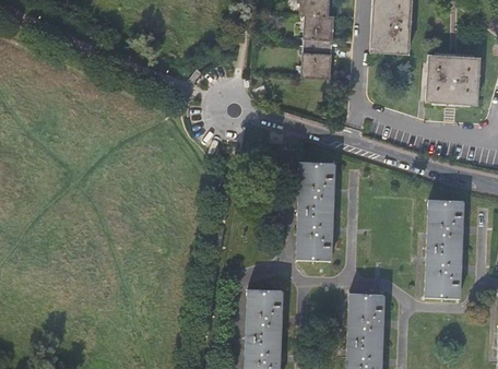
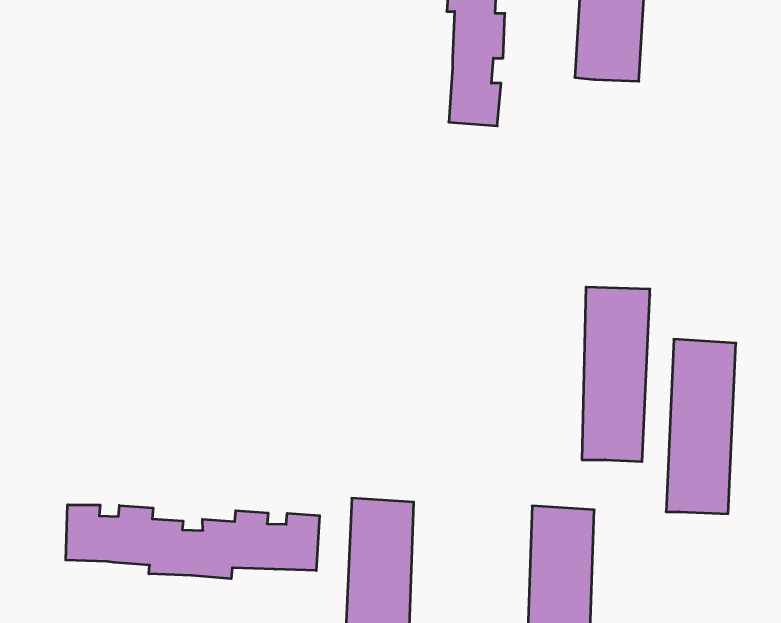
building: [426,53,479,104] -> none
building: [296,162,334,260] -> [582,287,650,462]
building: none -> [66,505,320,579]

